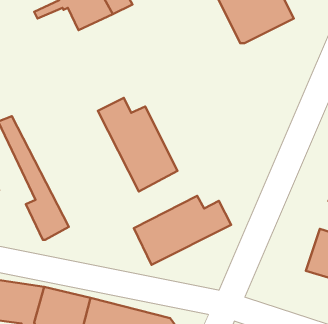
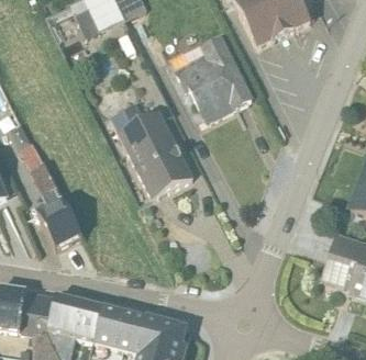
building: none -> [170,36,254,117]
building: [134,196,231,265] -> none

